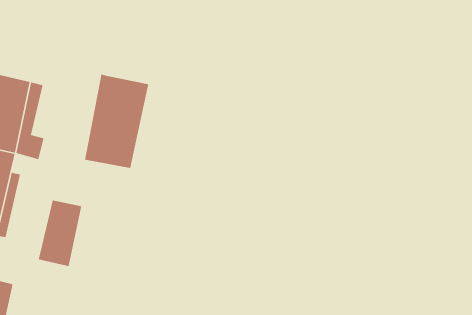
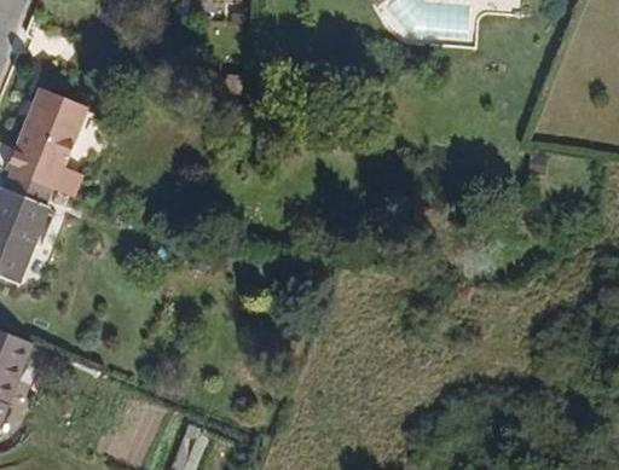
building: [84,73,149,169] -> none
building: [38,199,82,267] -> none

